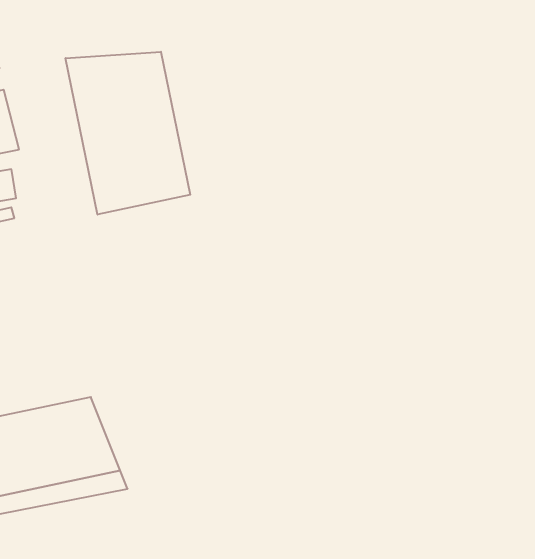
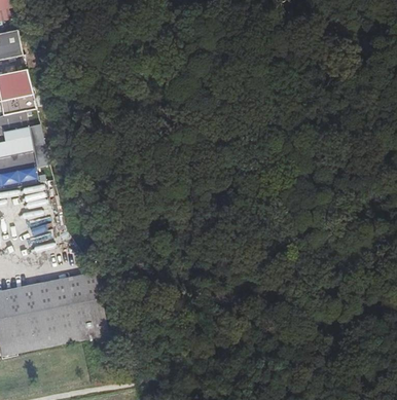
building: [66,52,190,215] -> none

